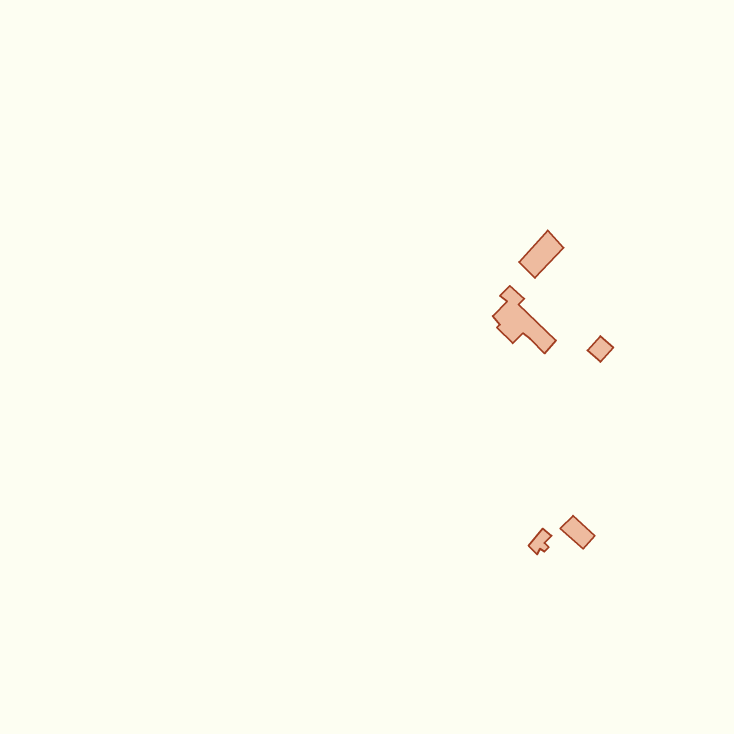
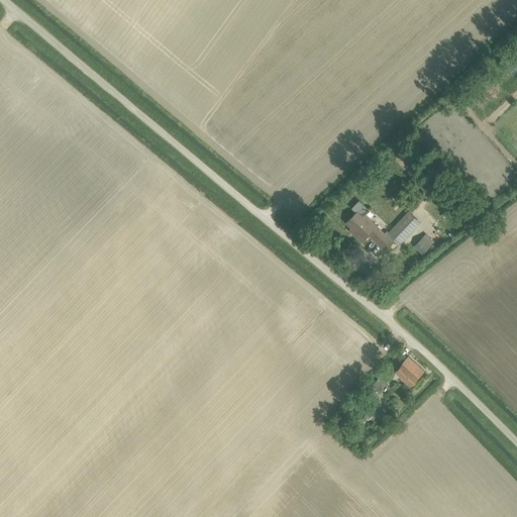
building: [519,230,564,278] -> [389,210,420,243]

